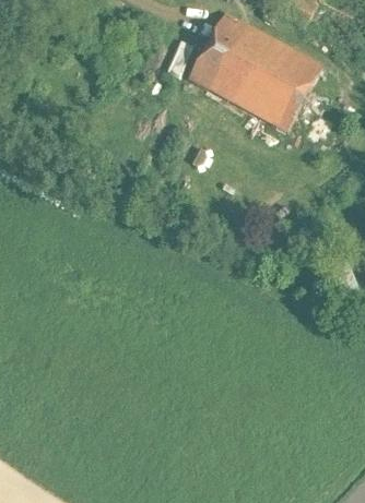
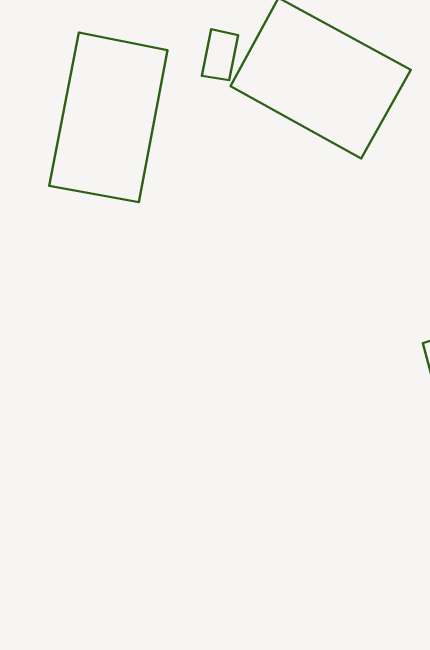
building: none -> [49,33,168,202]

